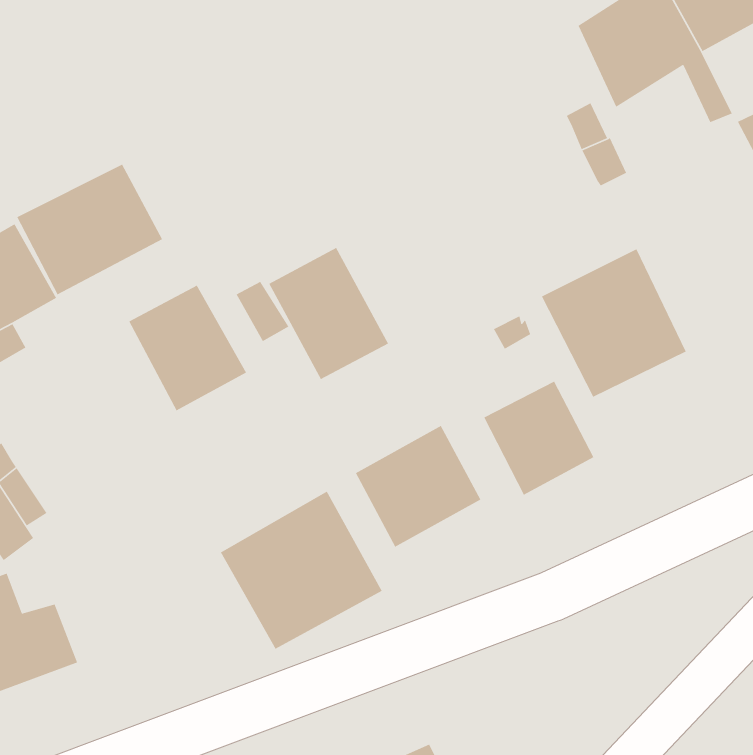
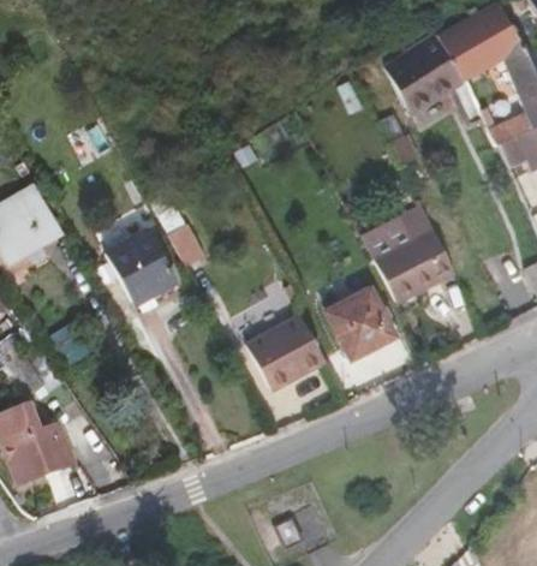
building: [16,164,163,296] -> none
building: [268,247,389,380] -> none
building: [220,491,383,650] -> none

